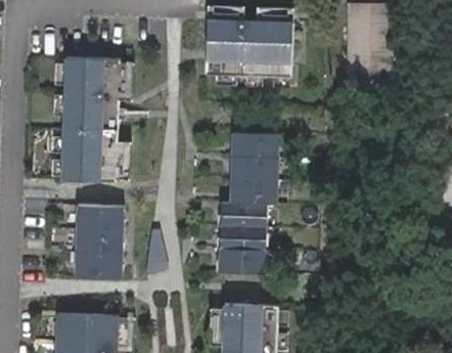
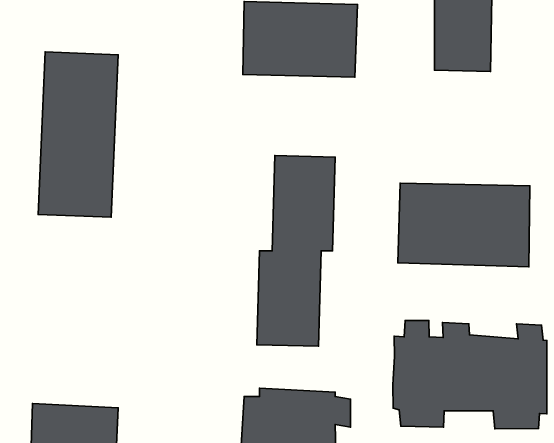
building: none -> [398,183,530,267]
building: [76,206,123,274] -> none
building: none -> [393,320,547,429]

